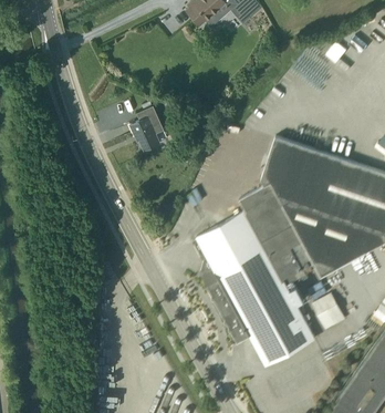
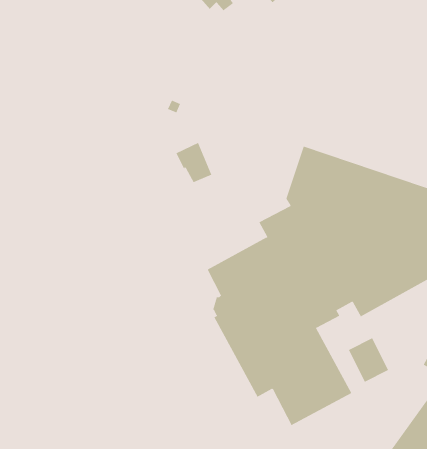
building: [129,115,159,148] -> [176,142,212,183]

